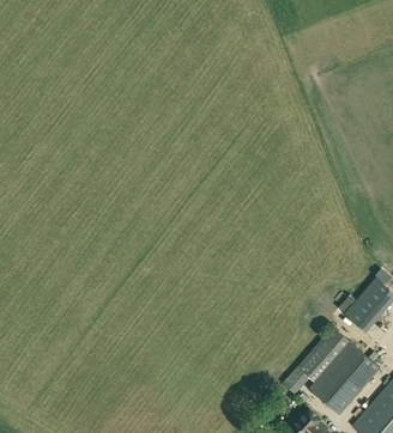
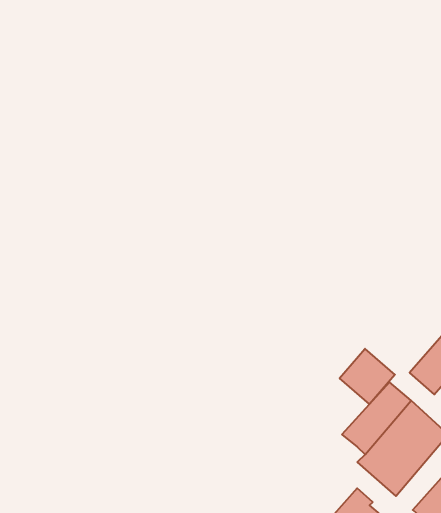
building: none -> [340,349,395,404]

